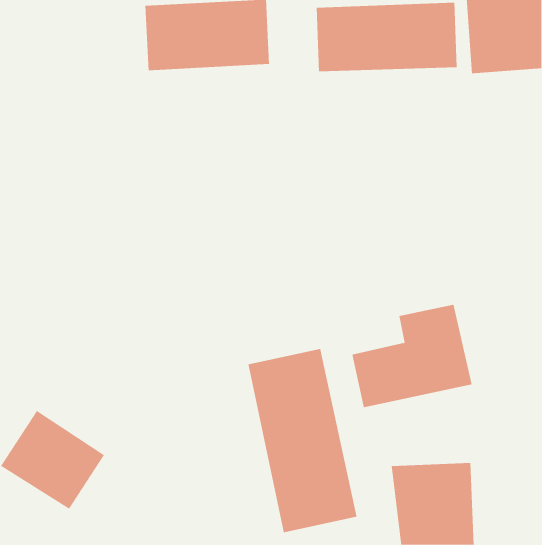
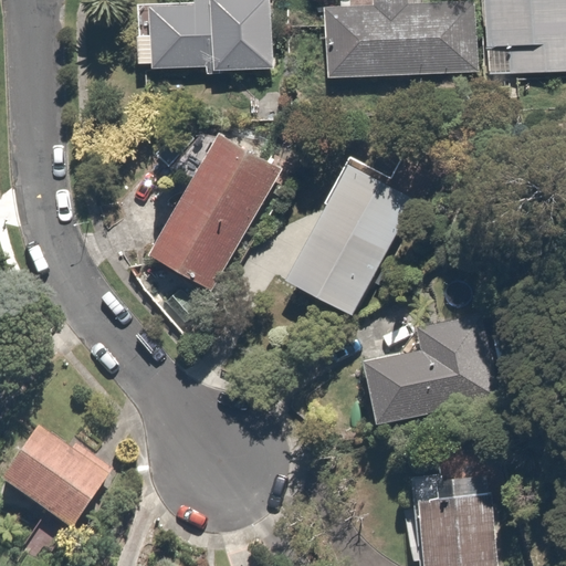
building: none -> [145,132,284,290]
building: none -> [284,155,422,311]
building: [248,348,357,533] -> none

